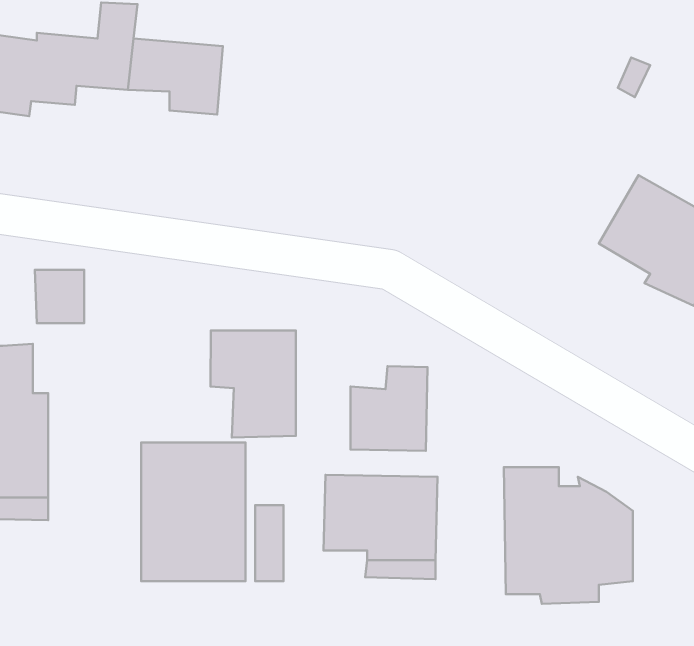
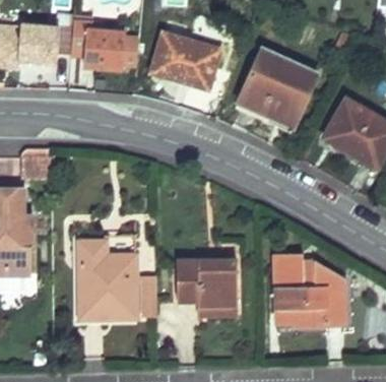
building: none -> [152,33,218,86]
building: none -> [239,51,314,124]
building: [211,331,296,437] -> none
building: [350,366,427,451] -> none

